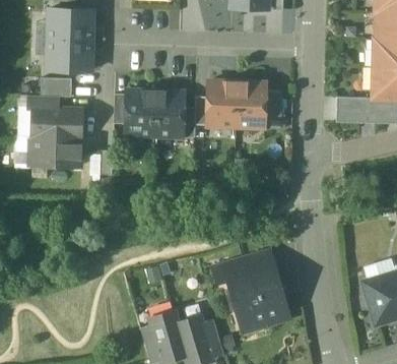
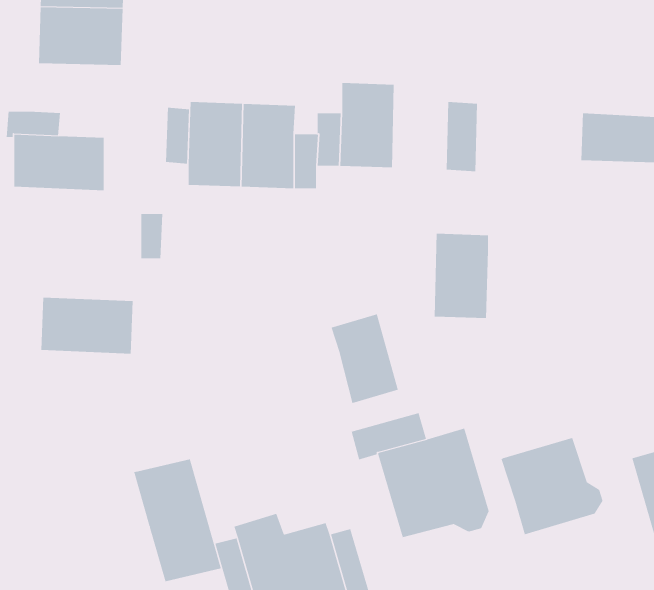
building: [41,78,72,97] -> none
building: [236,81,265,127] -> [434,233,489,319]
building: [31,136,81,167] -> [41,297,134,354]
building: none -> [331,314,398,404]
building: none -> [501,437,603,535]
building: none -> [134,458,222,582]

